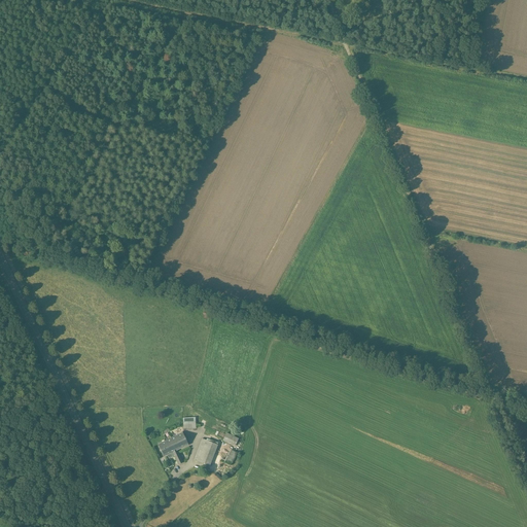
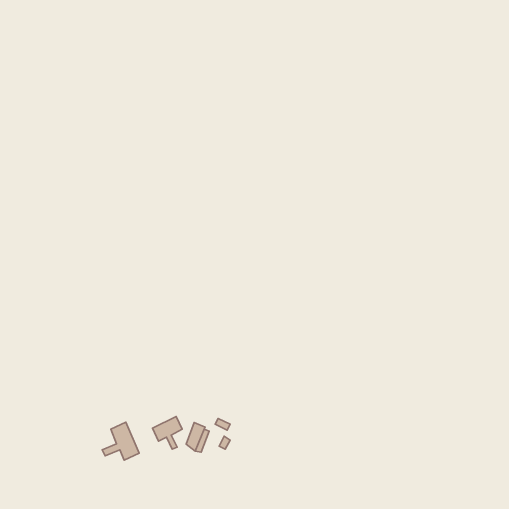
building: none -> [102,422,139,460]

